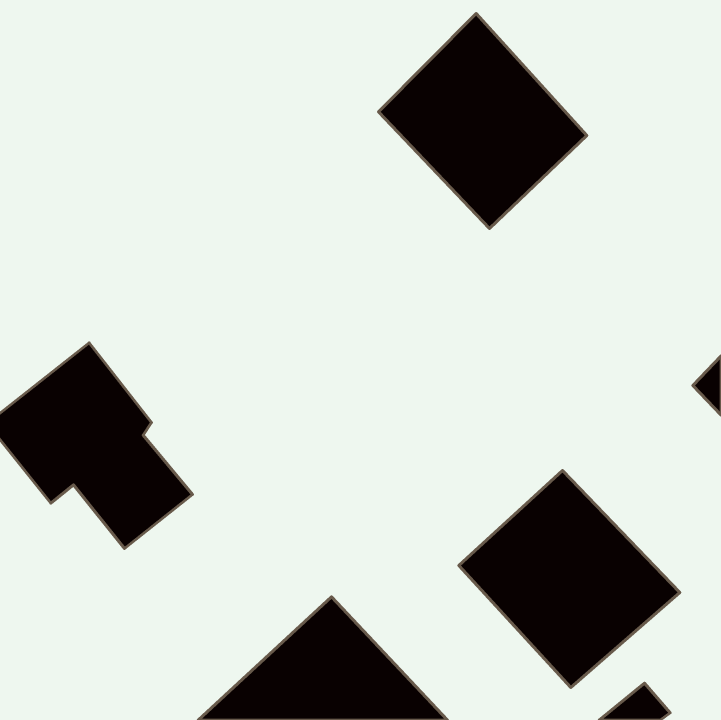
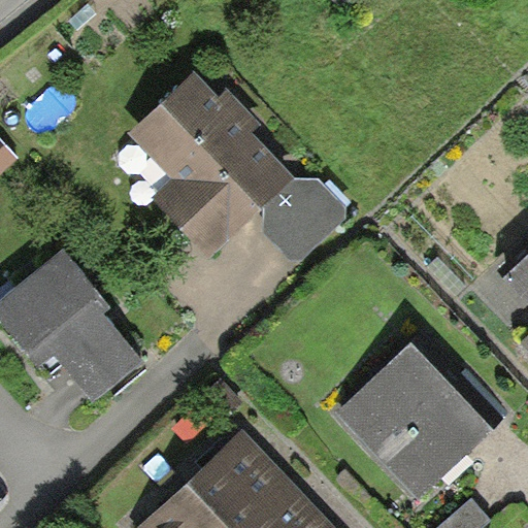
building: [378,13,587,228] -> none
building: none -> [130,71,345,259]

